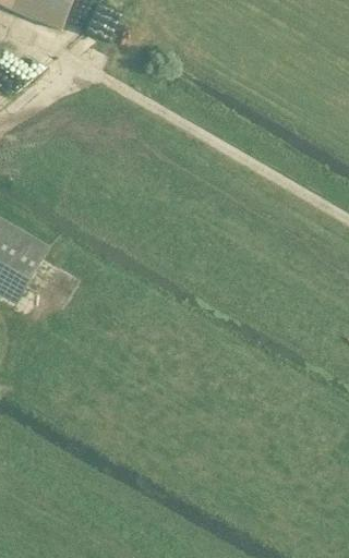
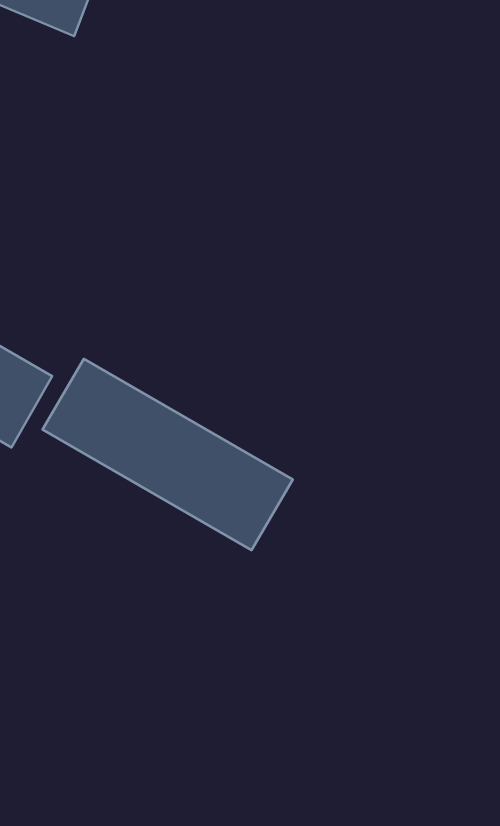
building: none -> [43,359,293,550]

